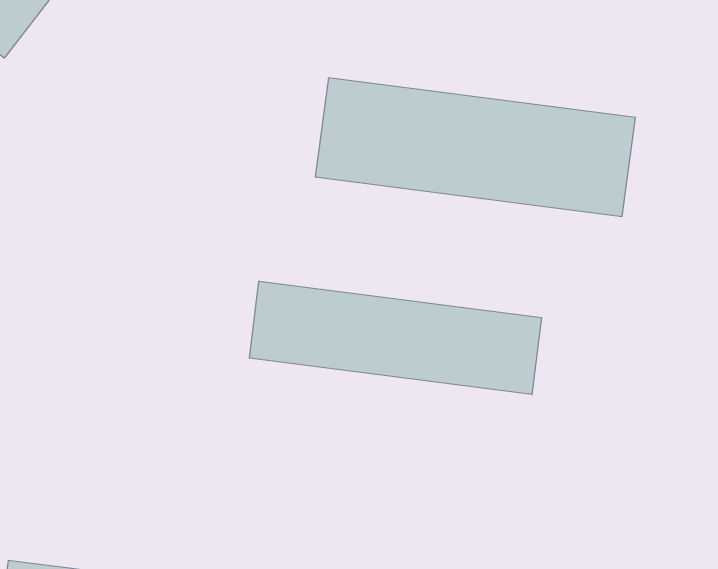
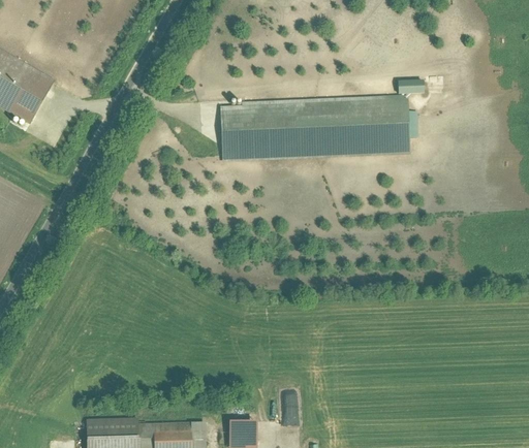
building: [249,281,541,395] -> none

